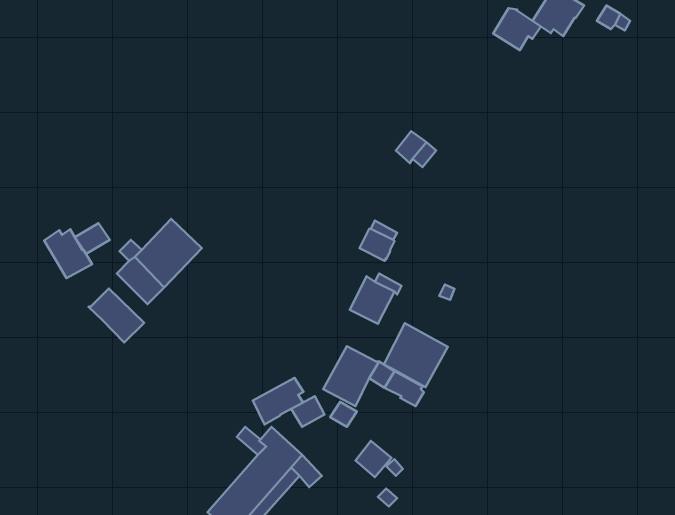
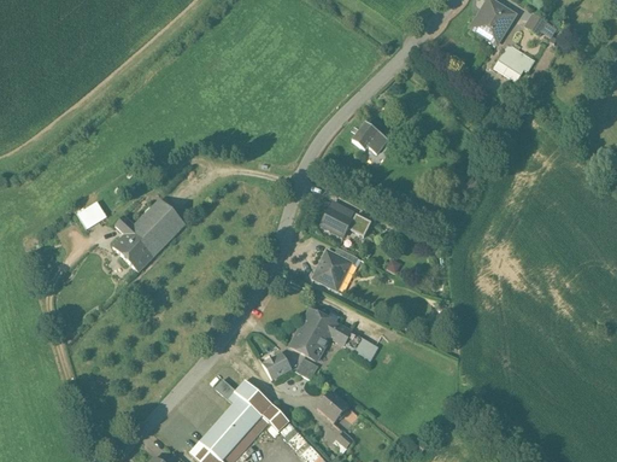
building: [493,8,541,50] -> [494,43,535,80]
building: [44,229,92,278] -> none
building: [88,288,144,342] -> none
building: [384,323,448,387] -> none
building: [253,378,304,425] -> none

